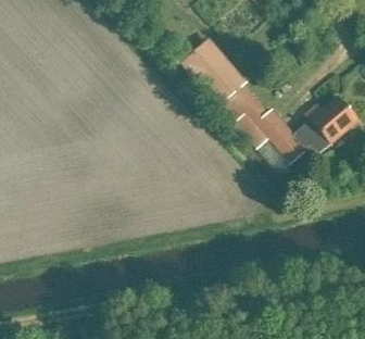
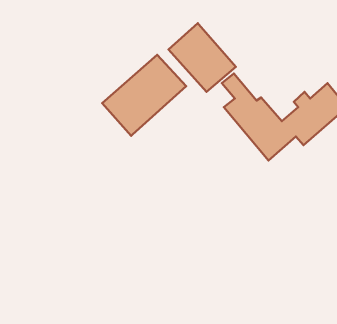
building: none -> [102,55,186,136]

